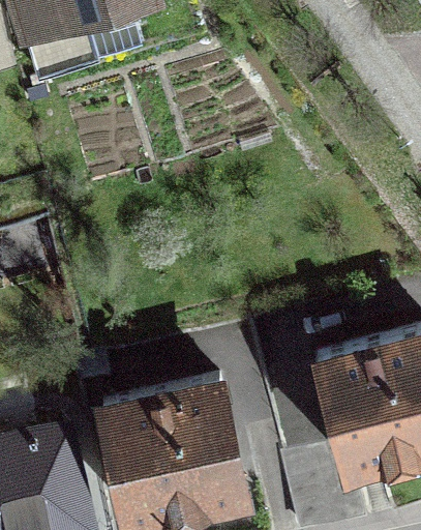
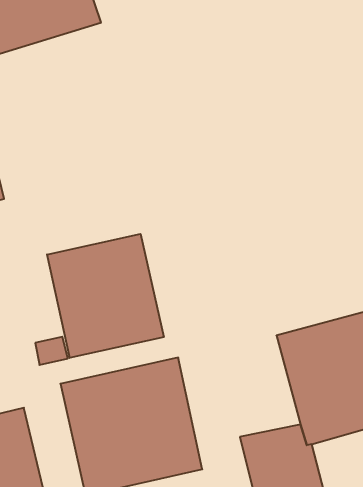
building: none -> [47,234,164,358]

